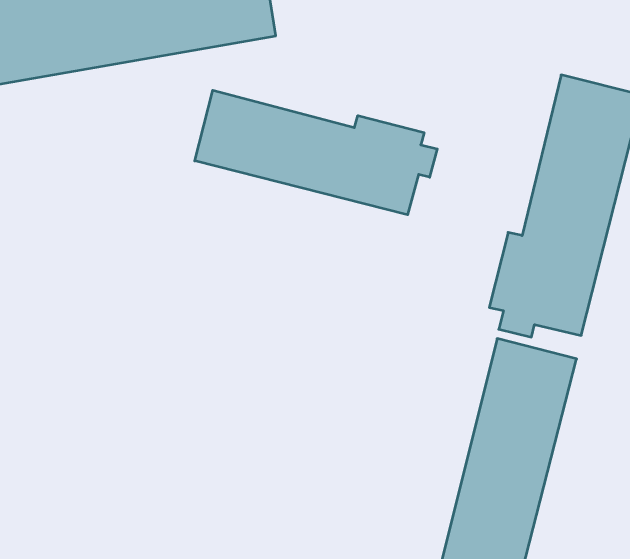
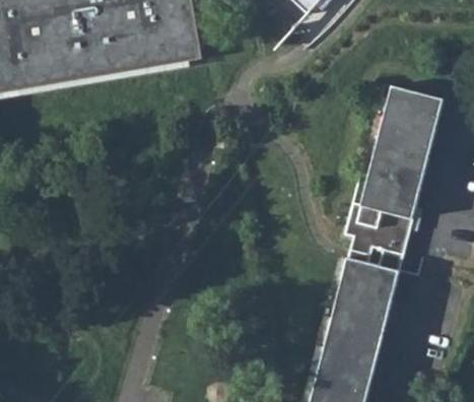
building: [195,90,437,215] -> none

